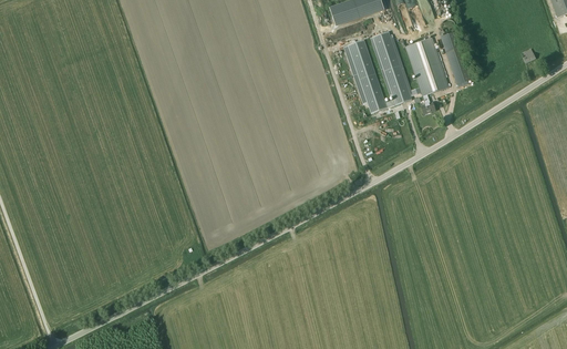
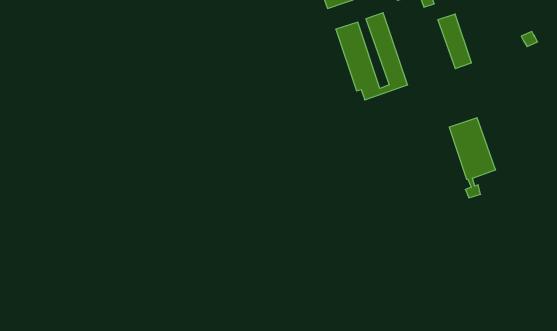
building: [405,37,450,113] -> [449,118,496,198]

